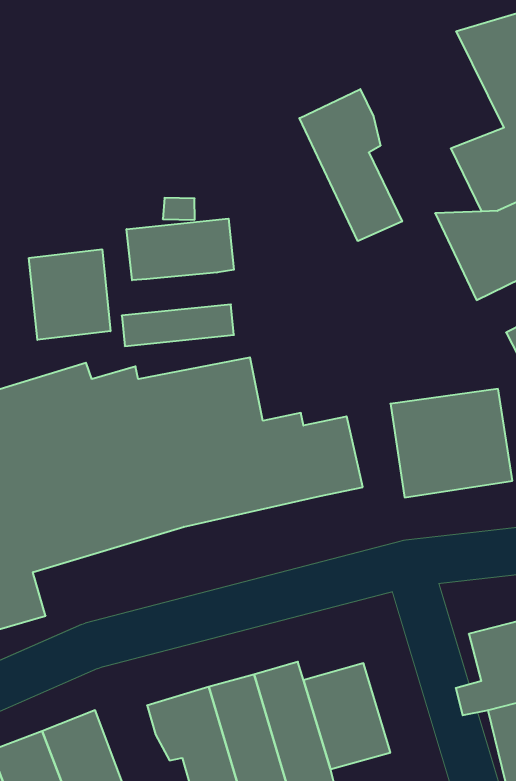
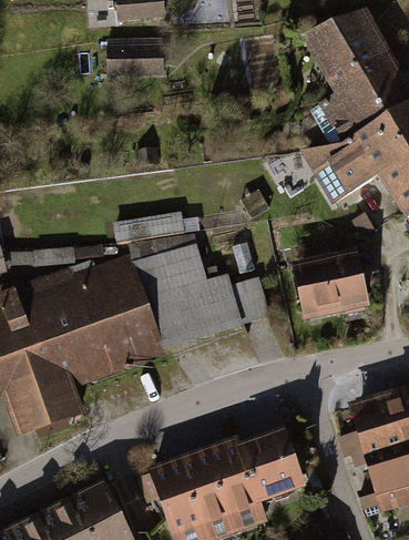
building: none -> [103,37,163,79]
building: [299,89,402,241] -> none
building: [127,219,234,280] -> none
building: [29,249,110,340] -> none

